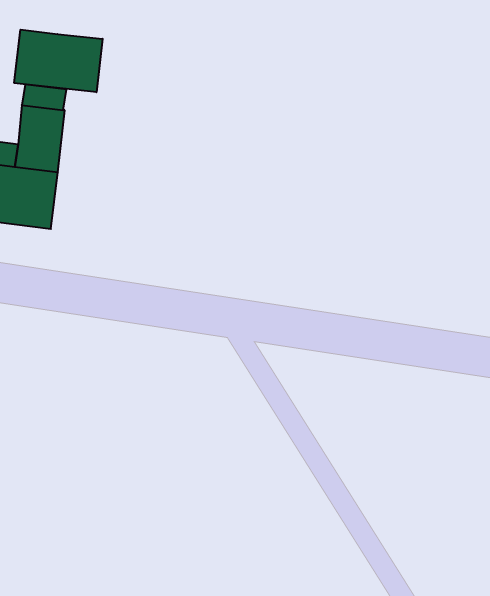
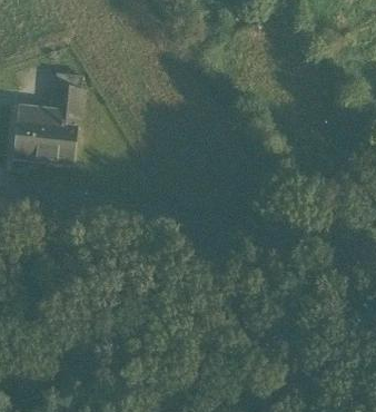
building: [14,30,103,92] -> none

